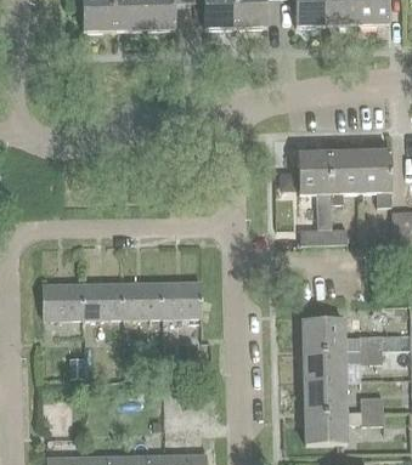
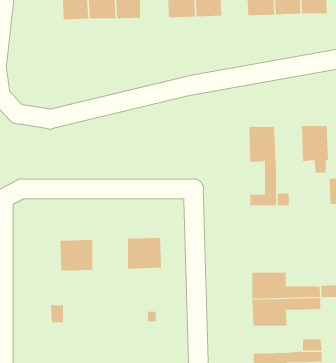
building: [329,152,361,205] -> none
building: [120,282,159,318] -> none
building: [41,284,83,321] -> none
building: [304,382,344,414] -> none

